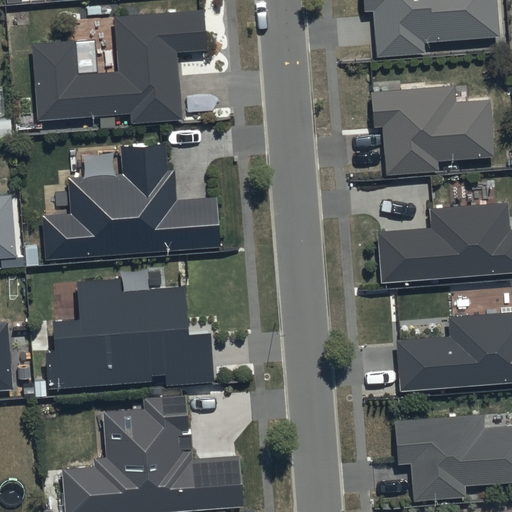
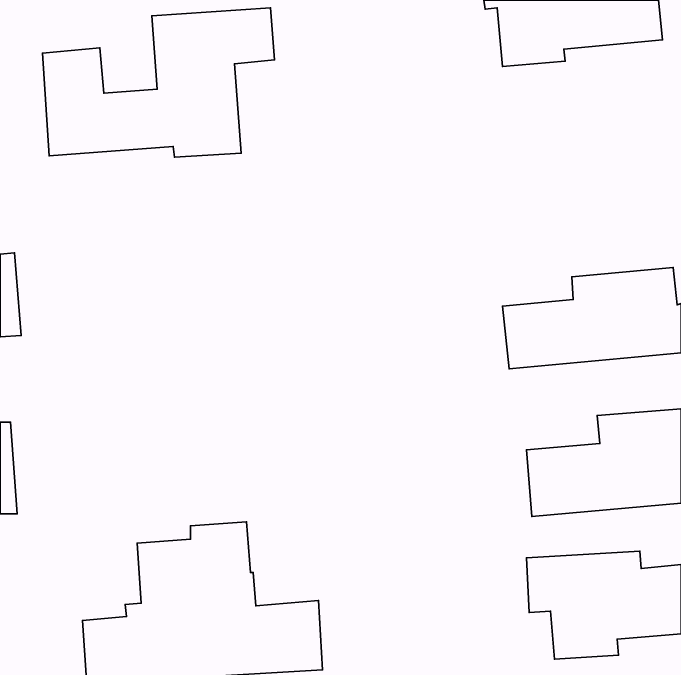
building: [371,86,494,172] -> none
building: [43,143,219,259] -> none
building: [45,277,213,388] -> none

